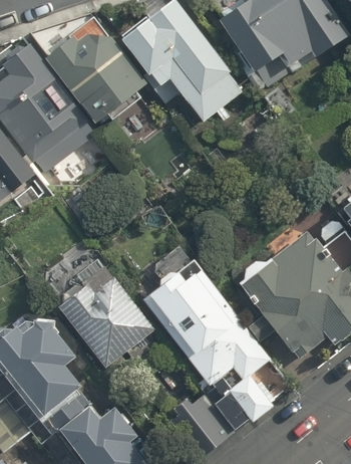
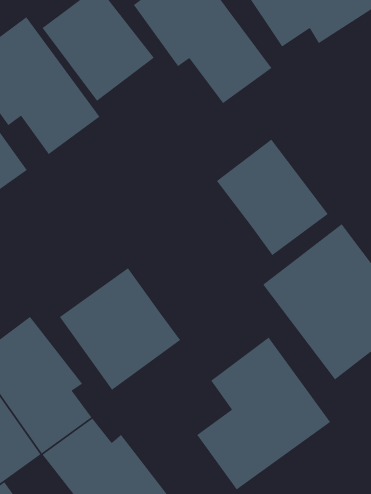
building: none -> [216,138,329,256]
building: [147,263,242,361] -> none

